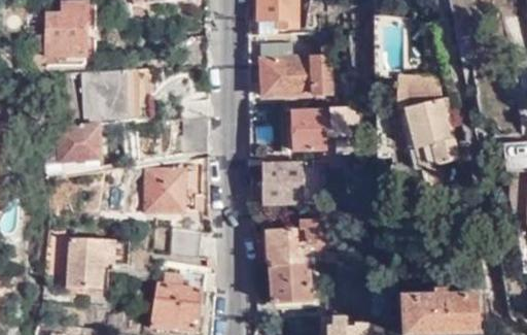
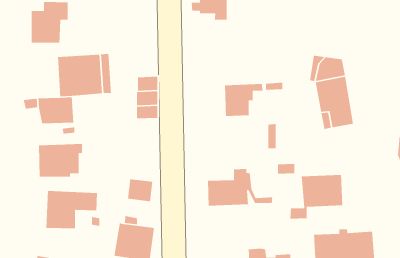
building: [247,31,329,103] -> none
building: [261,158,330,202] -> none
building: [143,170,200,213] -> [38,143,83,177]
building: [254,260,322,317] -> [289,174,343,220]

